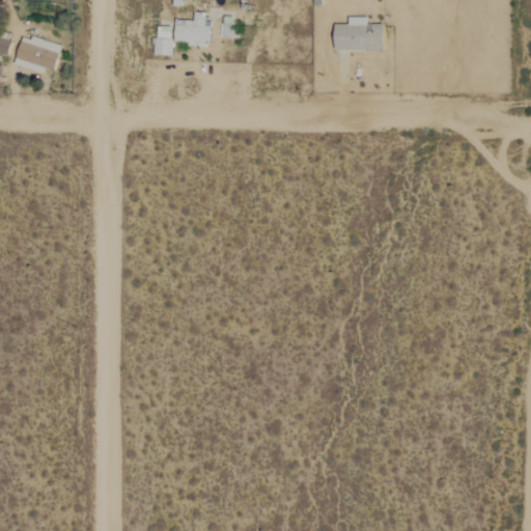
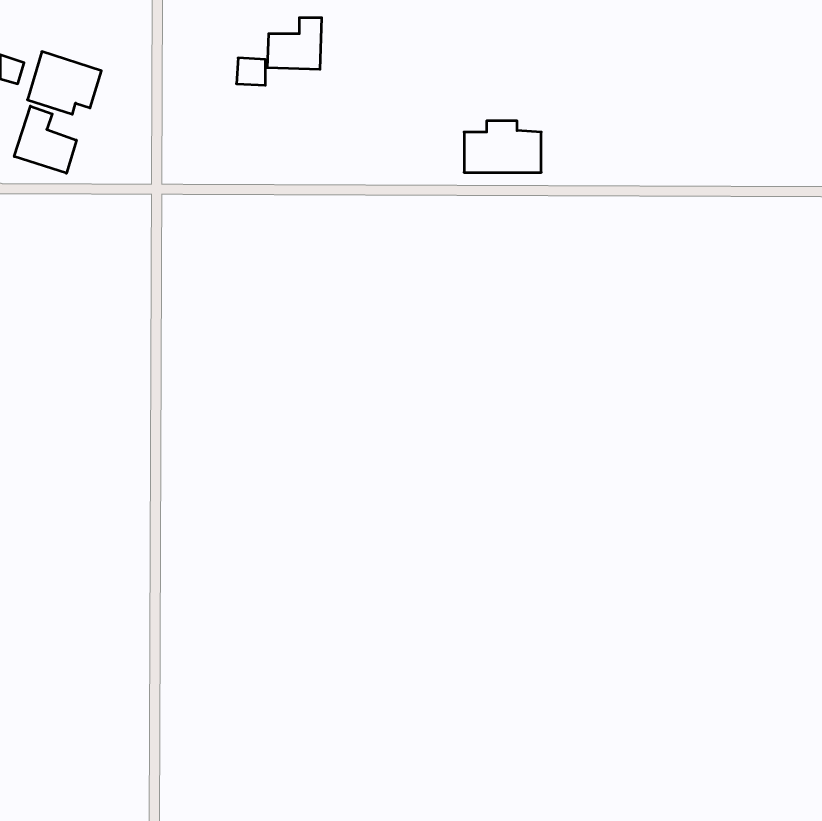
building: [332,17,382,50] -> [464,121,541,172]
building: none -> [14,106,76,173]

